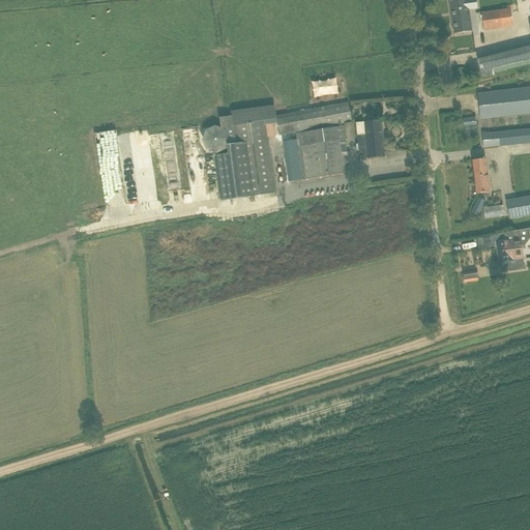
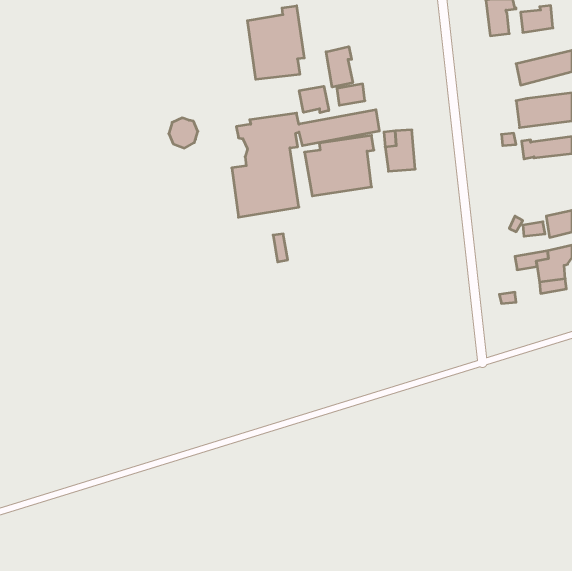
building: none -> [247,6,304,79]
building: none -> [326,47,353,87]
building: none -> [299,86,329,113]
building: [202,125,229,153] -> [169,118,198,148]
building: [472,157,491,193] -> none

